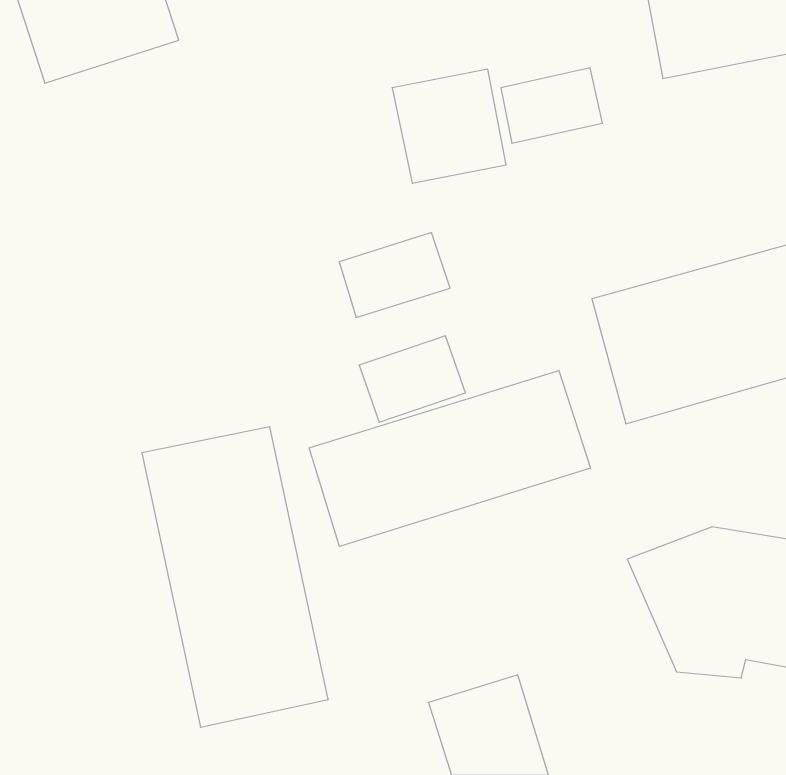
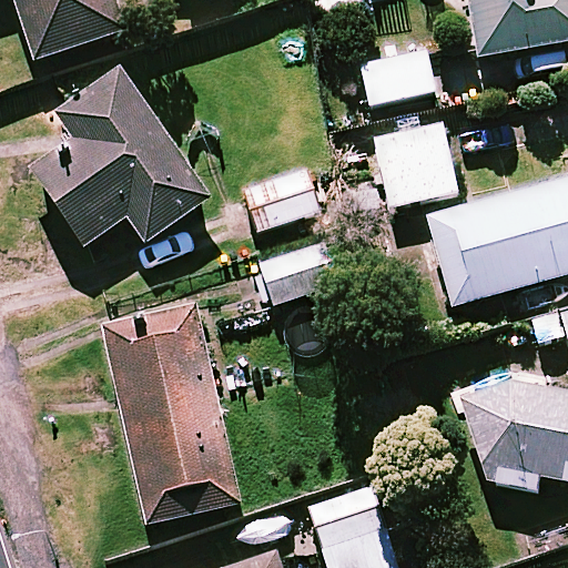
building: [392,69,506,183] -> [375,122,457,204]
building: none -> [30,68,210,246]
building: [309,370,591,546] -> none

